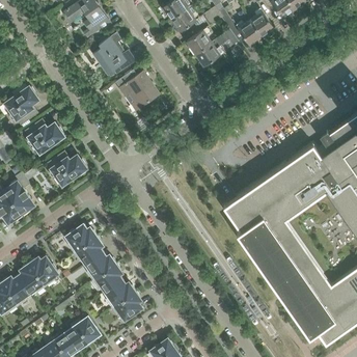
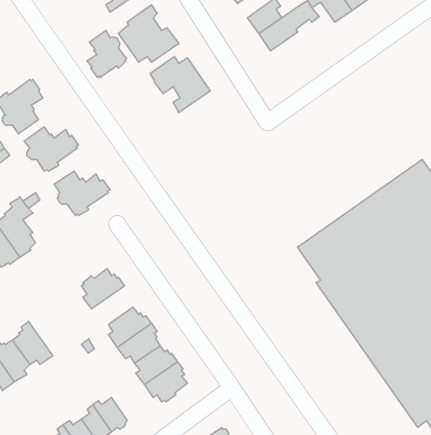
building: none -> [87,31,126,78]
building: [74,237,104,265] -> none
building: [28,256,58,287] -> none

